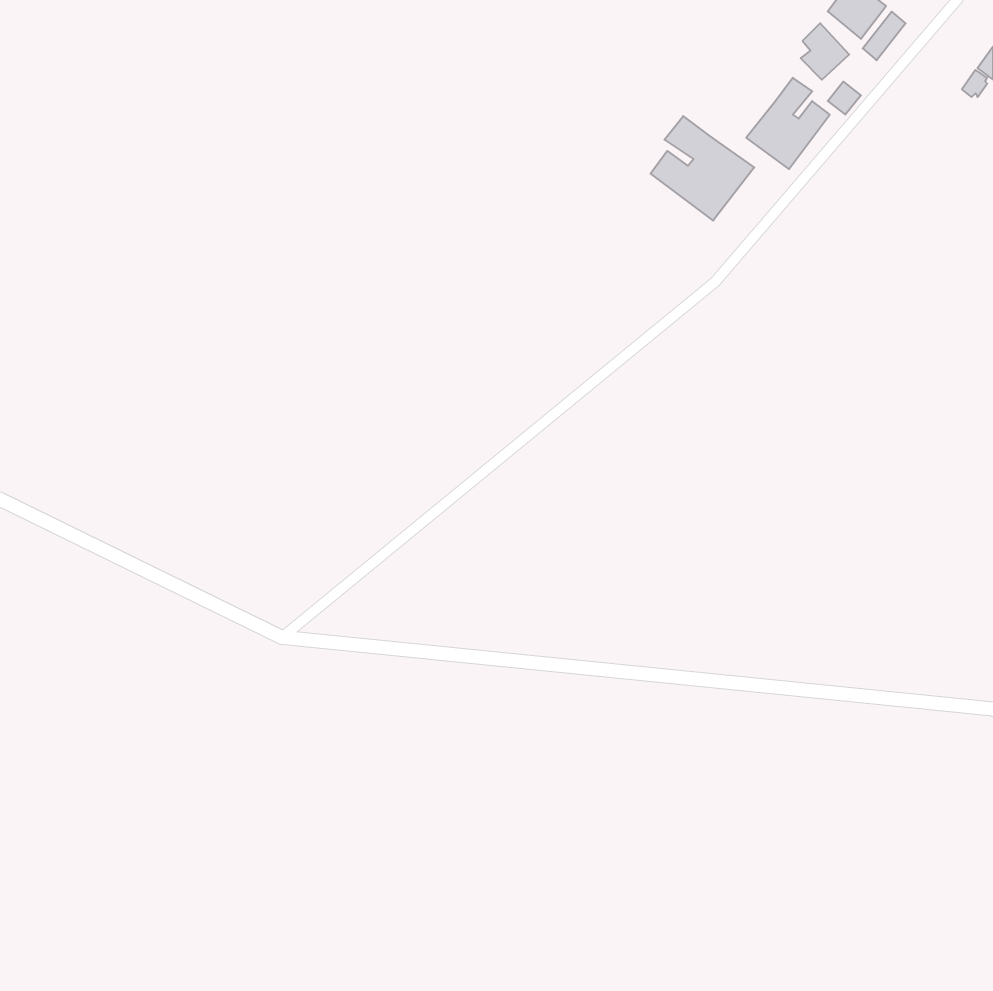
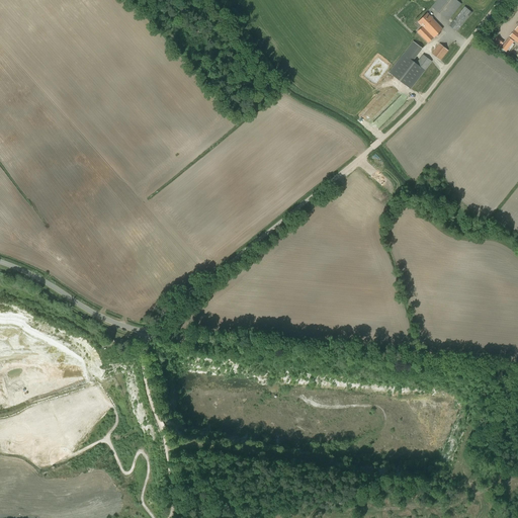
building: [651,116,754,221] -> none

